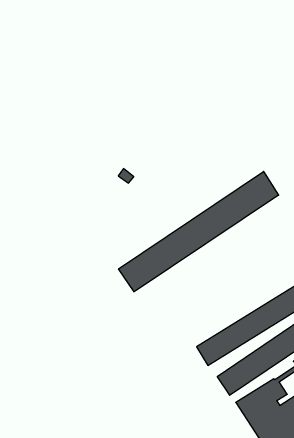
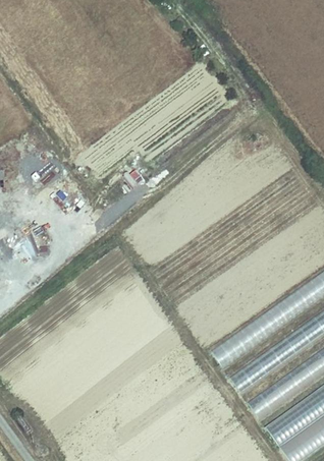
building: [119,171,279,292] -> none

